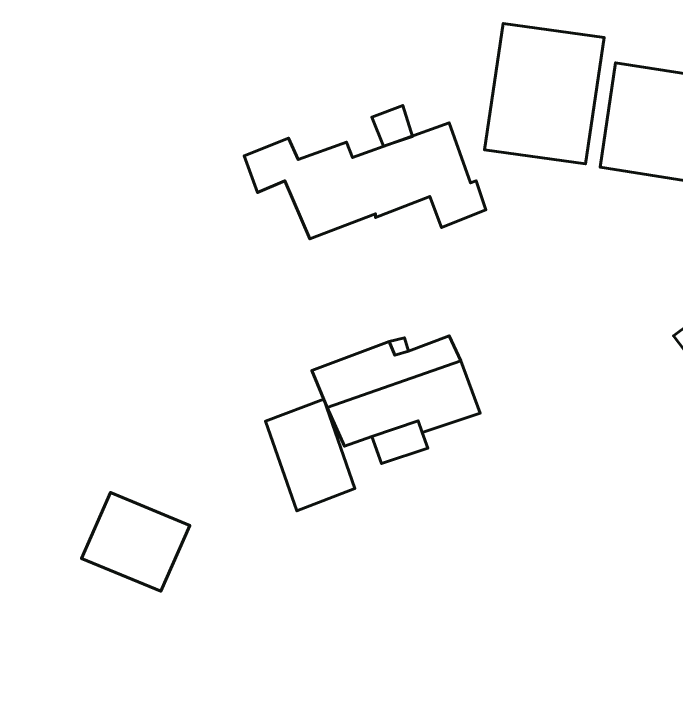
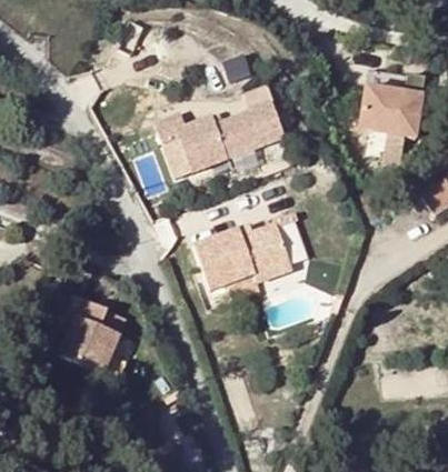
building: [485,24,604,164] -> none
building: [266,399,355,511] -> none

